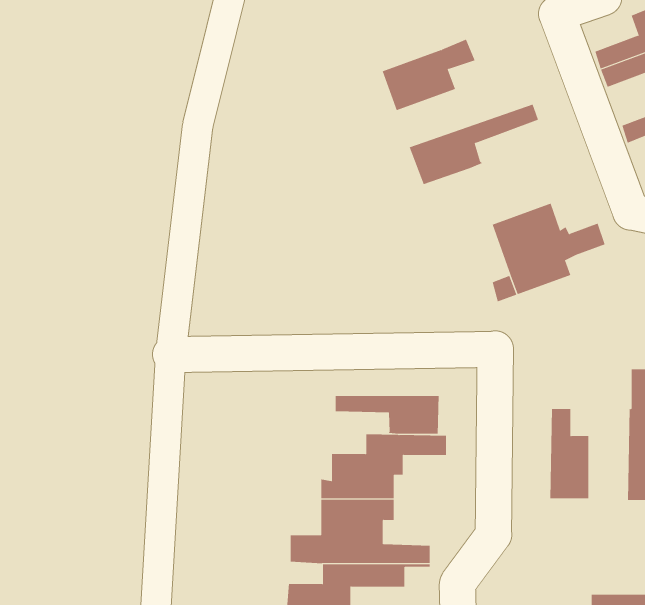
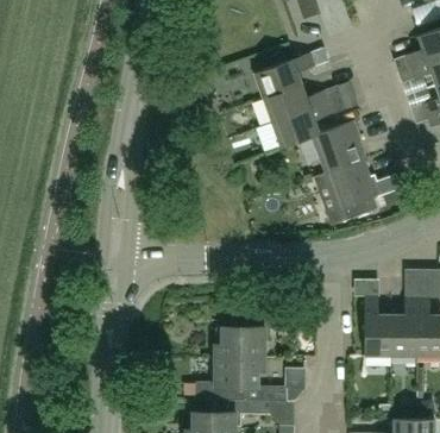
building: none -> [264,83,354,124]
building: none -> [313,120,366,175]
building: none -> [391,270,419,357]
building: [335,395,439,435] -> none

